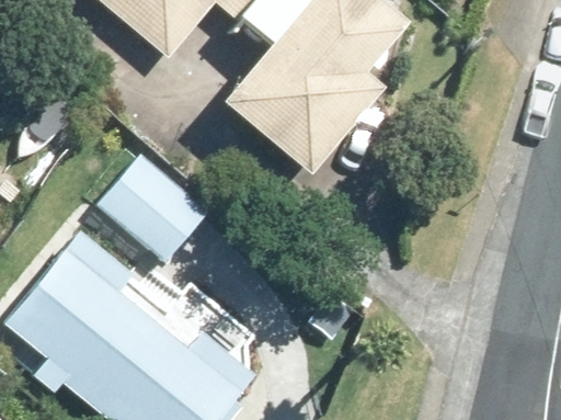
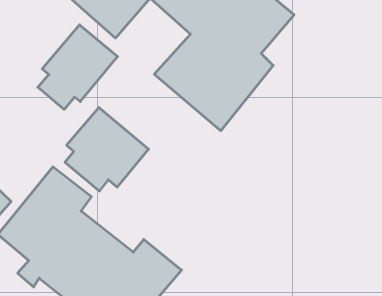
building: none -> [38,25,118,109]

